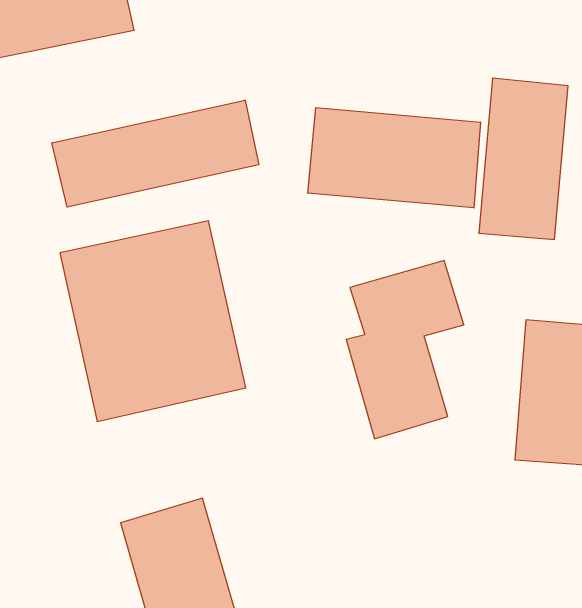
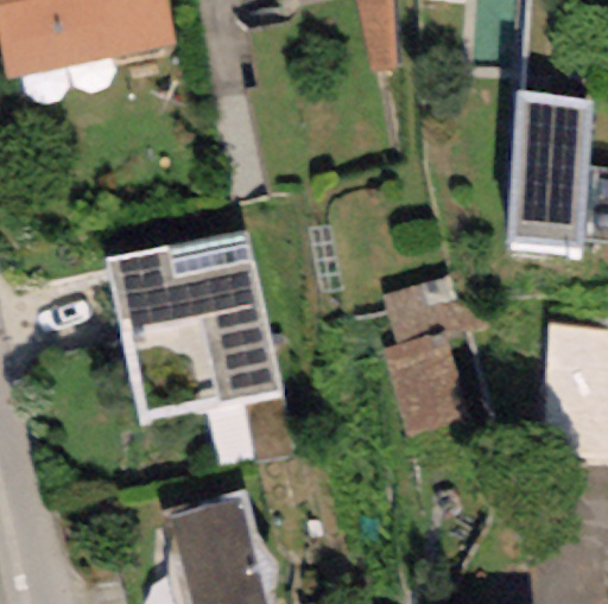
building: [52,100,259,207] -> none
building: [308,108,481,208] -> none

